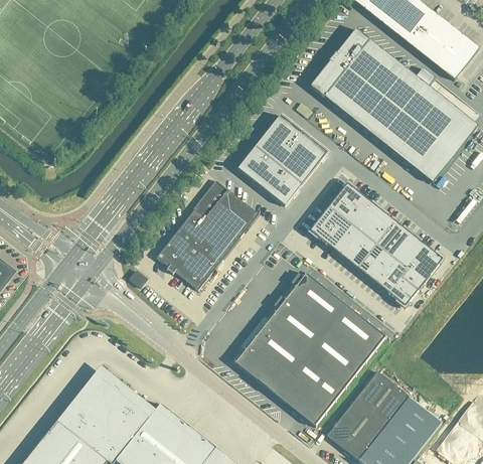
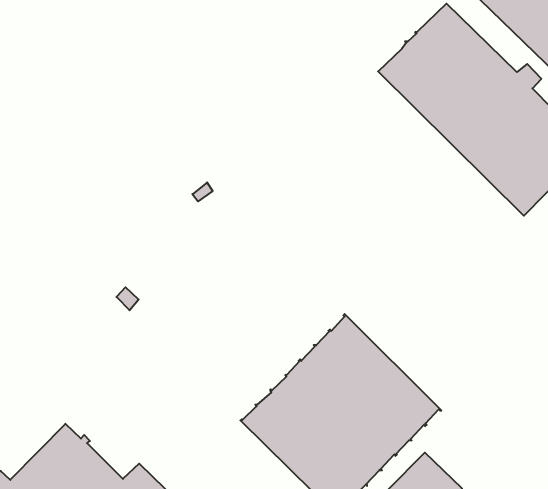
building: [237,114,327,205] -> none
building: [156,178,259,289] -> none
building: [308,180,445,308] -> none

